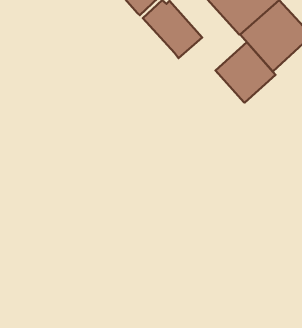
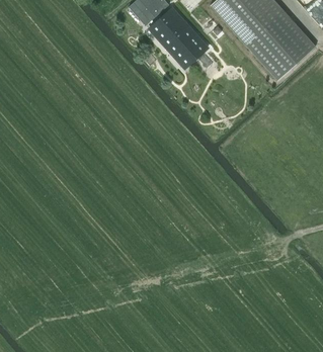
building: [215,42,275,102] -> none

